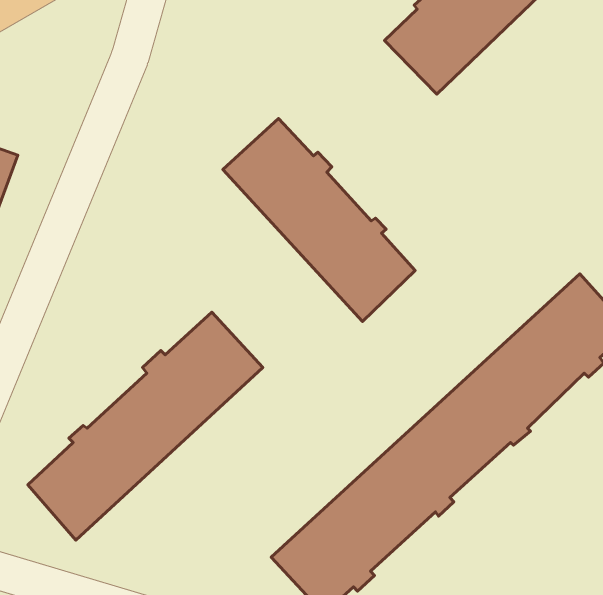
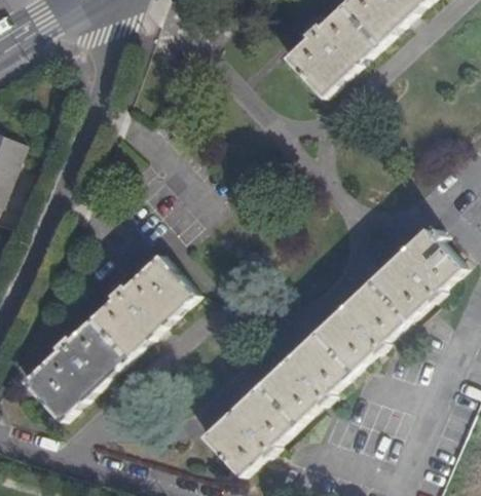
building: [223,119,415,321] -> none

